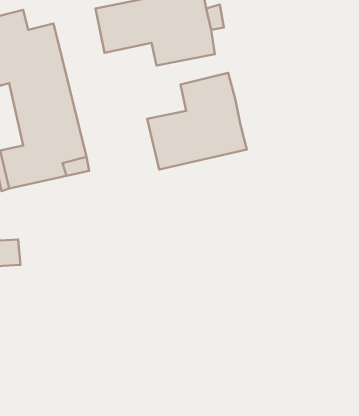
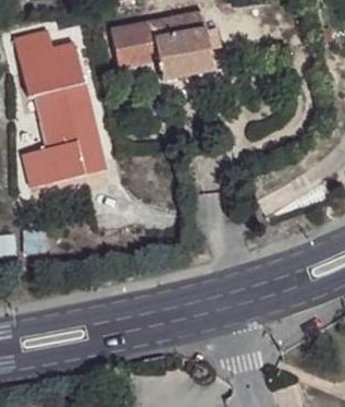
building: [147,73,247,169] -> none

